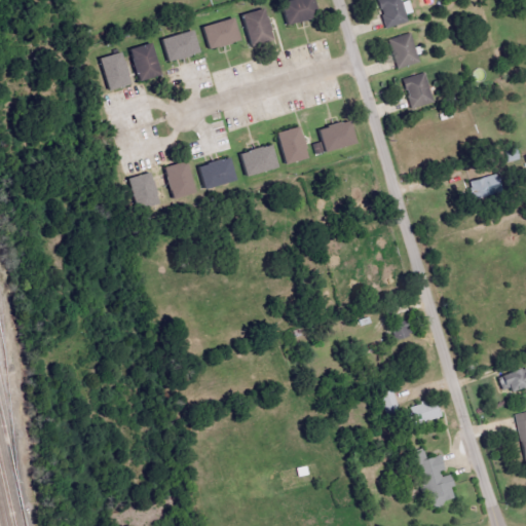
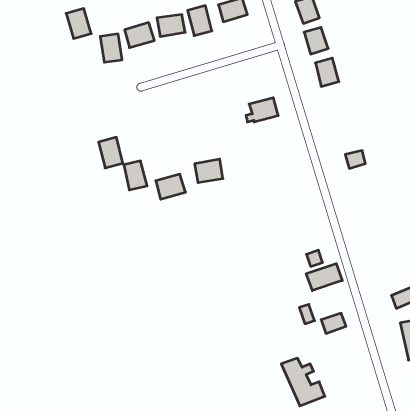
building: [100,51,132,89] -> [66,9,91,38]
building: [278,129,308,166] -> none
building: [241,144,277,174] -> [195,159,223,183]
building: [199,156,237,188] -> [156,174,186,199]
building: [165,160,195,197] -> [124,161,147,190]
building: [471,175,496,197] -> [345,151,365,168]
building: none -> [306,264,342,291]
building: [405,449,460,510] -> [281,358,325,406]

